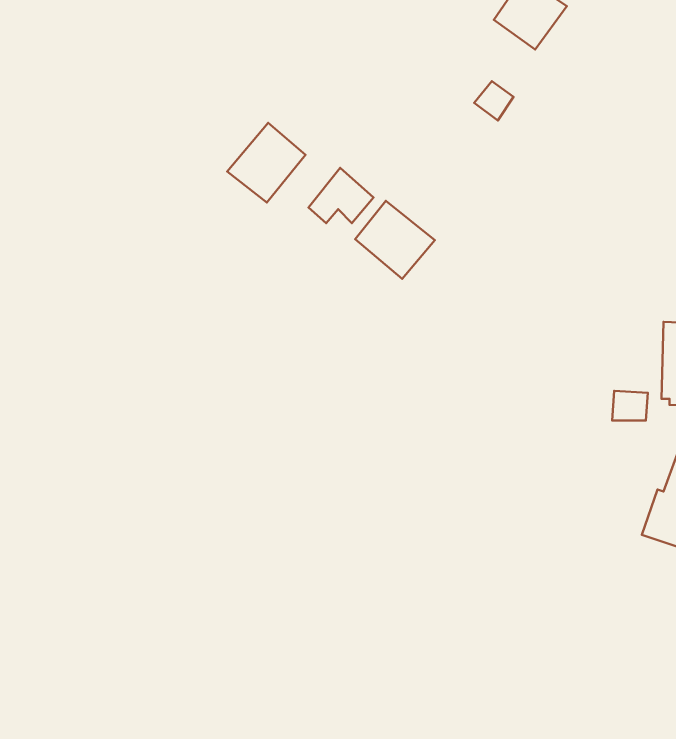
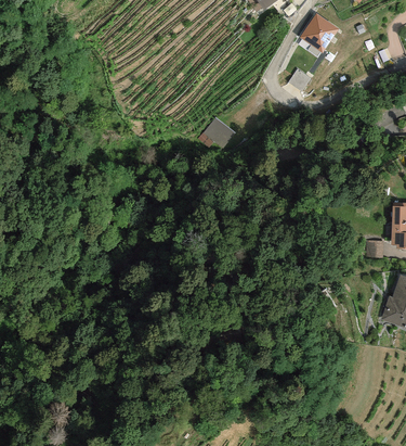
building: [227,123,306,202] -> none
building: [355,201,435,279] -> none

